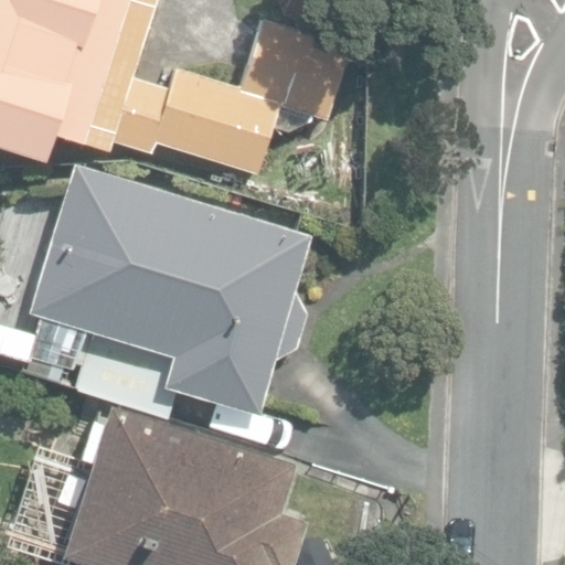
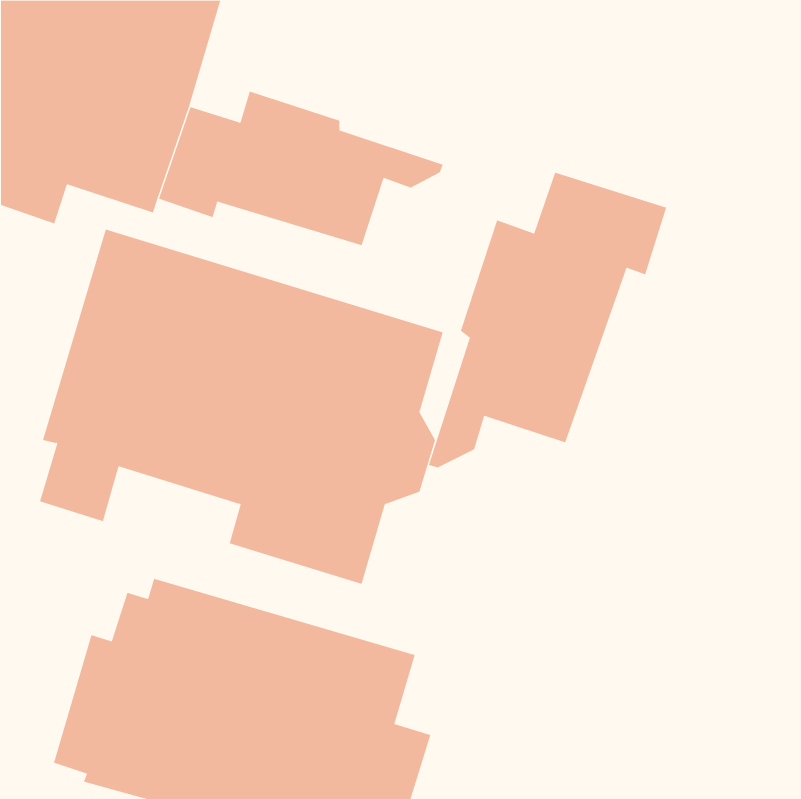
building: [239,23,345,120] -> none
building: none -> [428,172,667,468]

